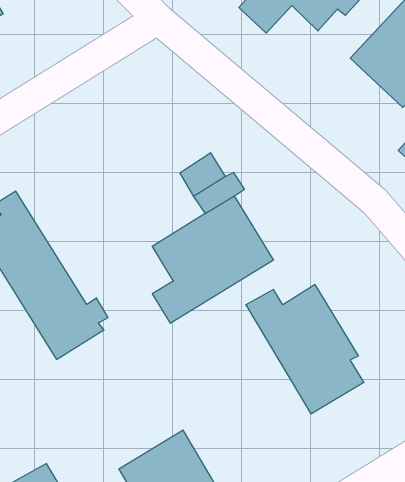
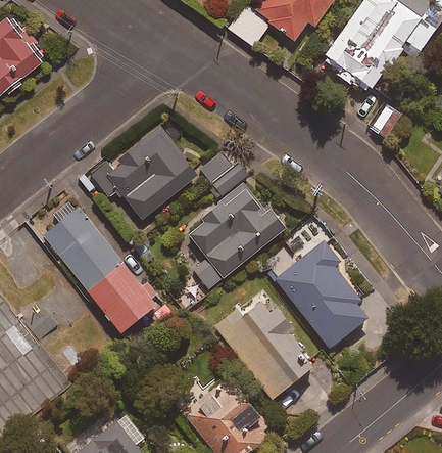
building: none -> [91,128,196,220]
building: none -> [215,292,314,398]

